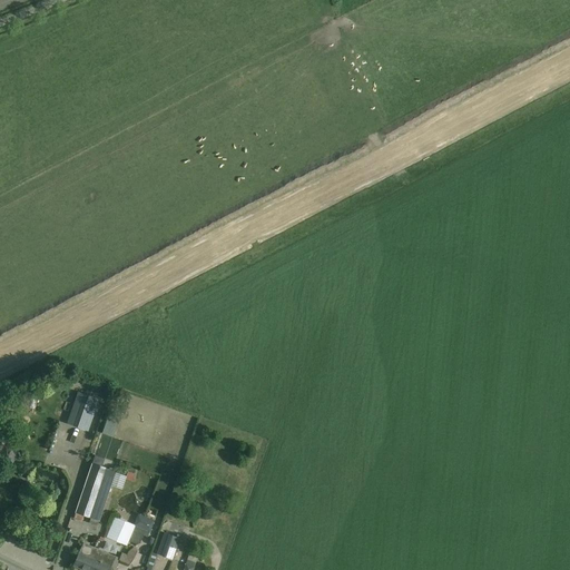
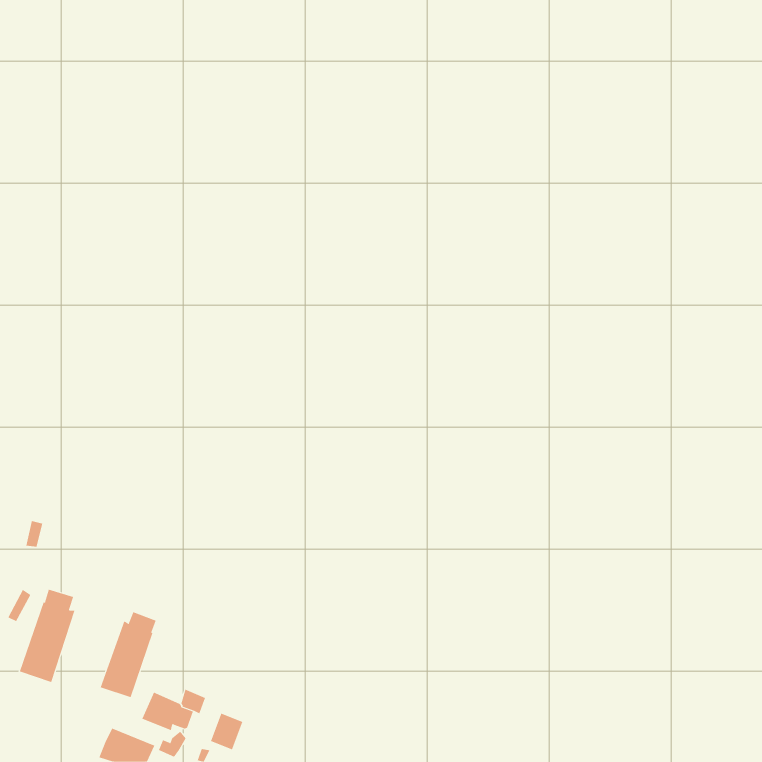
building: [67,392,99,431] -> none
building: none -> [19,589,75,683]

